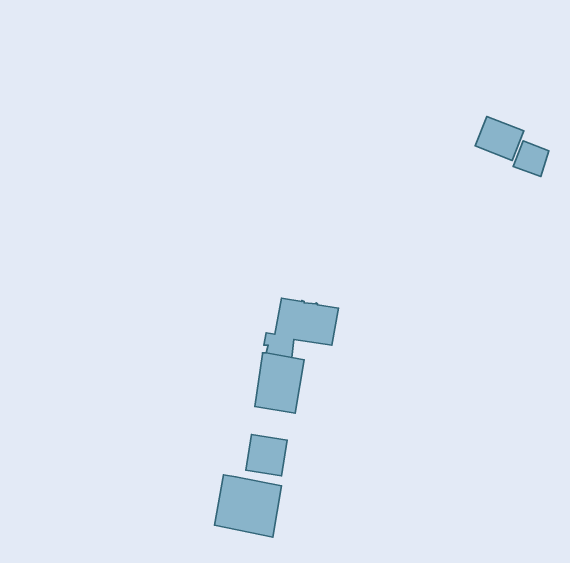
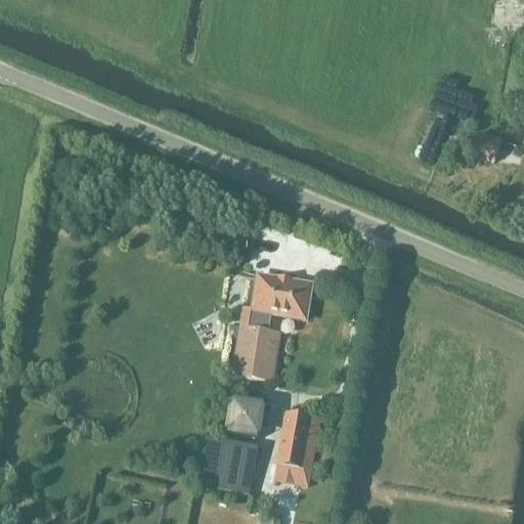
building: [475,116,524,160] -> none
building: none -> [274,409,321,484]

